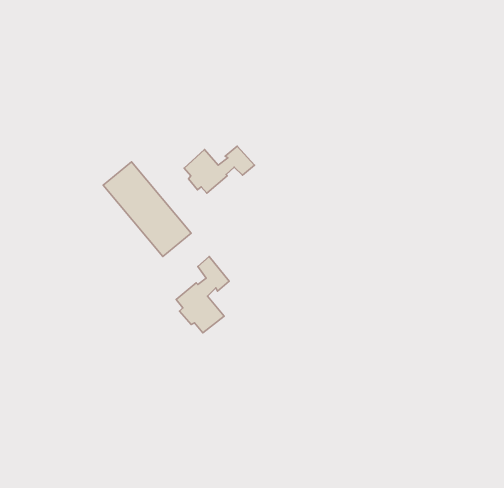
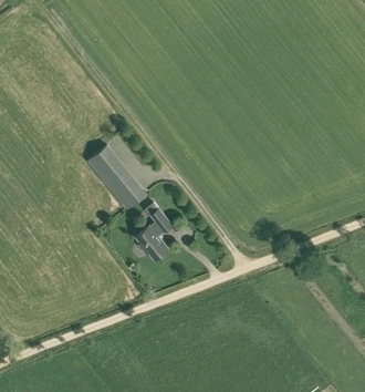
building: [184,146,254,193] -> none

